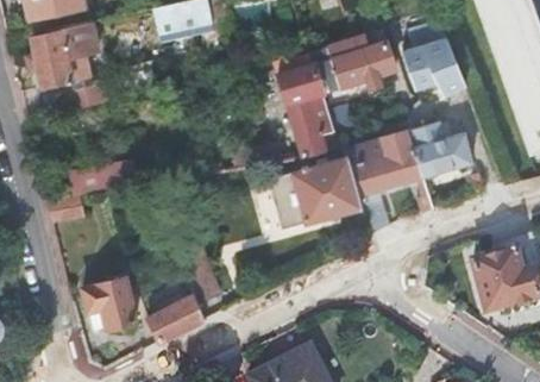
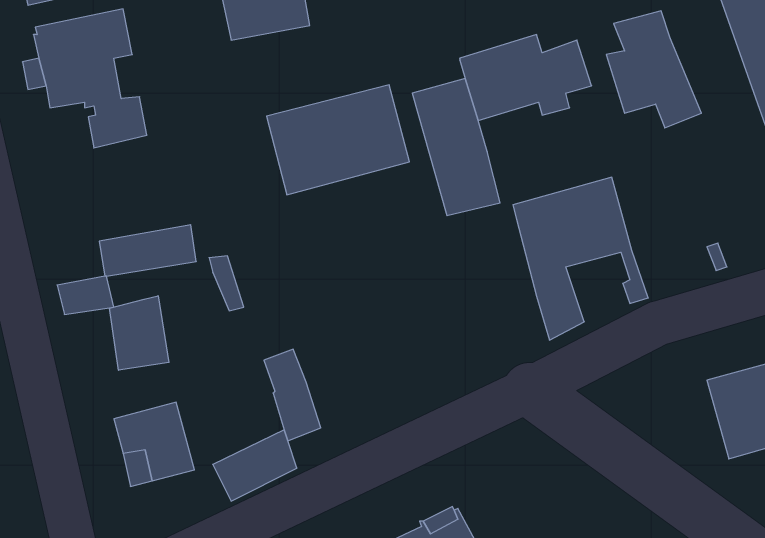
building: [408,121,472,177] -> none
building: [266,157,359,228] -> [267,85,409,195]
building: none -> [109,296,169,370]

